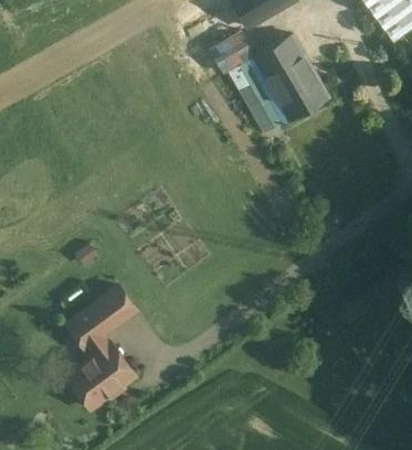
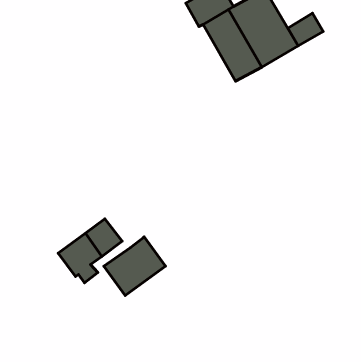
building: none -> [288,13,323,46]
building: [67,342,135,406] -> [104,237,166,296]

